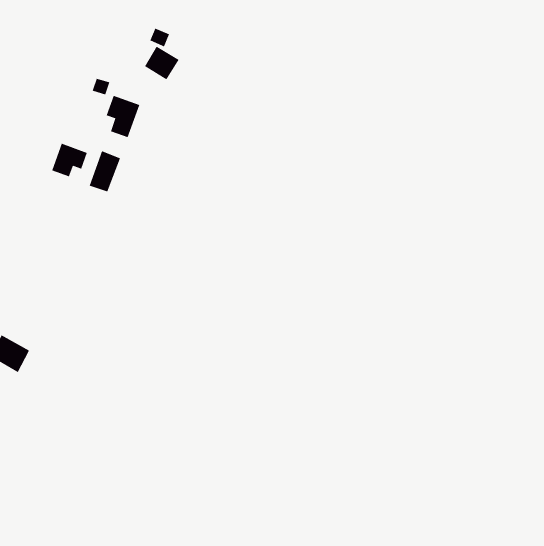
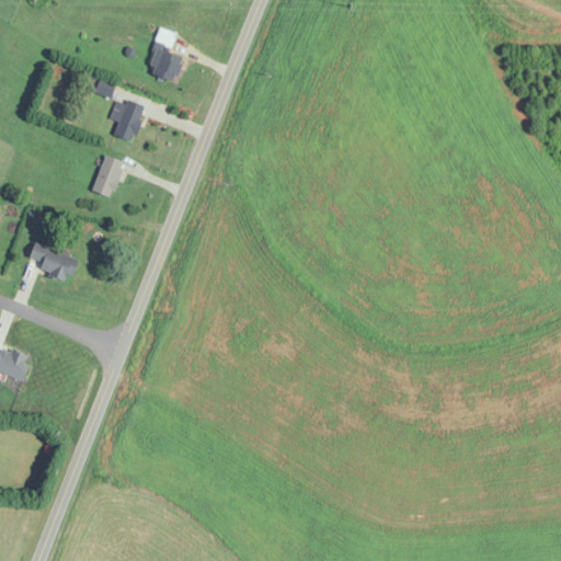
building: [51,143,88,177] -> none
building: none -> [27,243,78,282]

